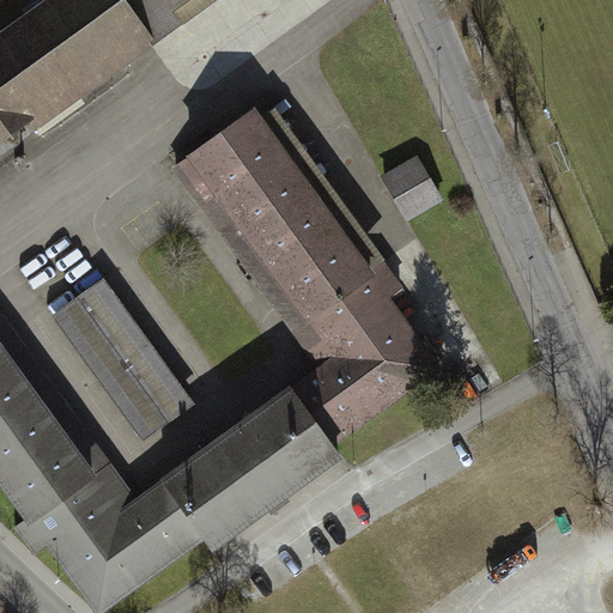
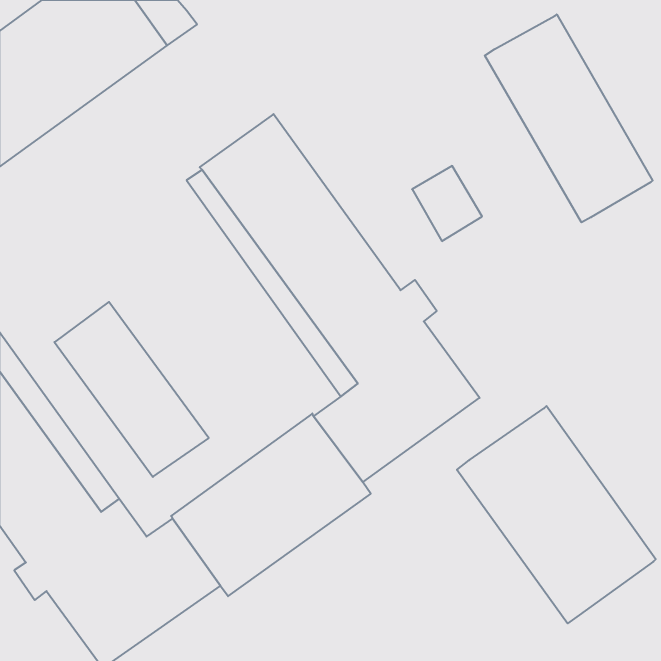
building: none -> [485,14,653,222]
building: none -> [457,406,656,623]

